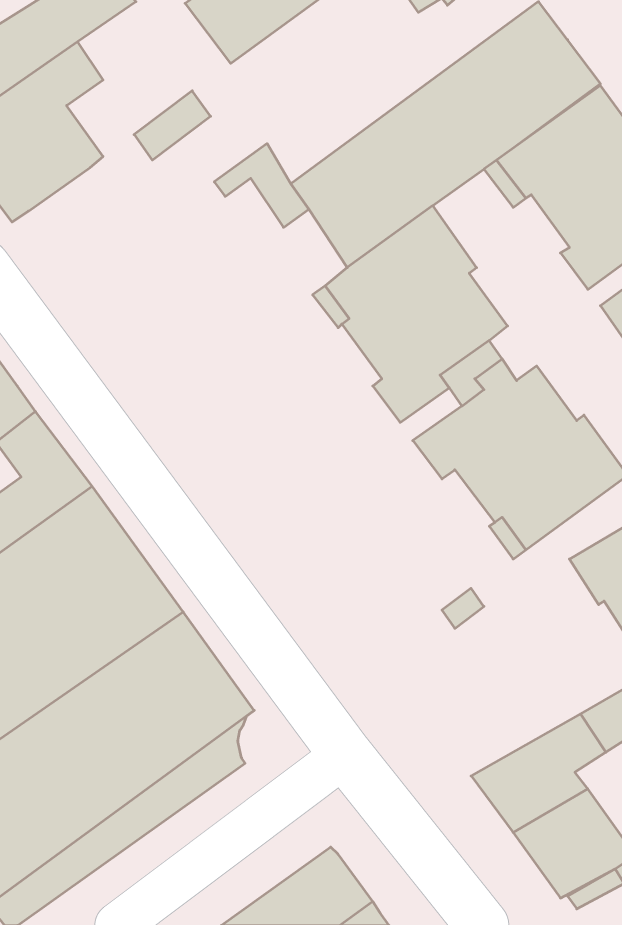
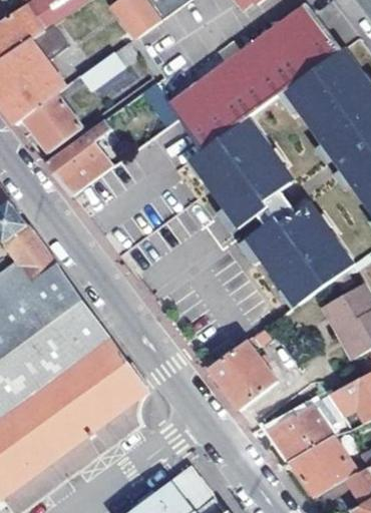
building: none -> [24,93,82,151]
building: none -> [45,117,112,194]
building: none -> [209,340,278,410]

